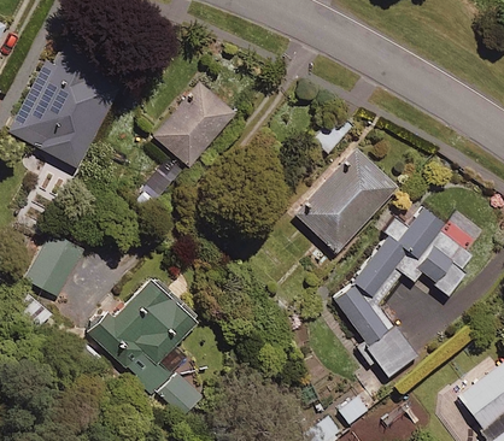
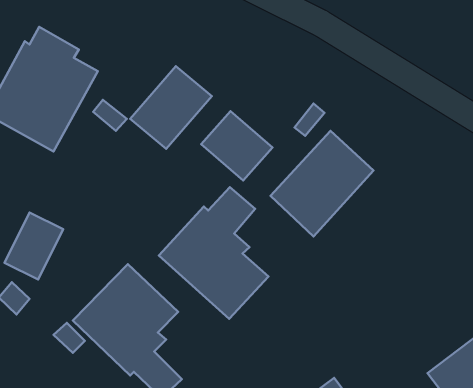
building: none -> [201,111,273,181]
building: none -> [159,187,268,319]
building: [334,207,473,381] -> none

